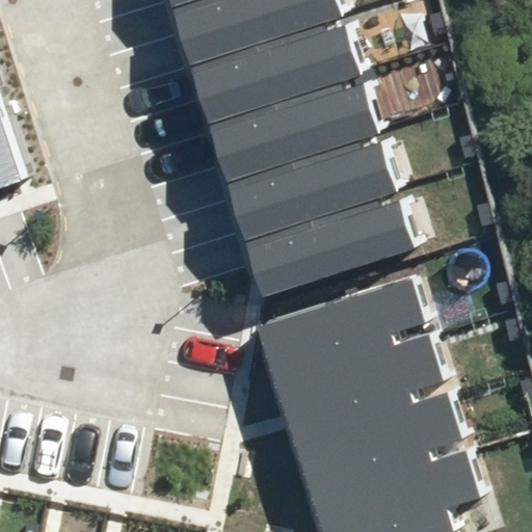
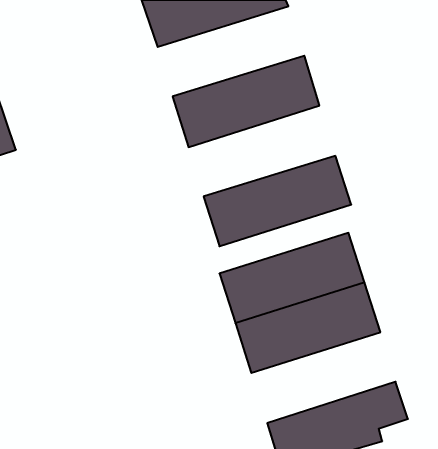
building: [185,11,357,117] -> none
building: [221,128,394,235] -> none
building: [295,394,464,501] -> none

